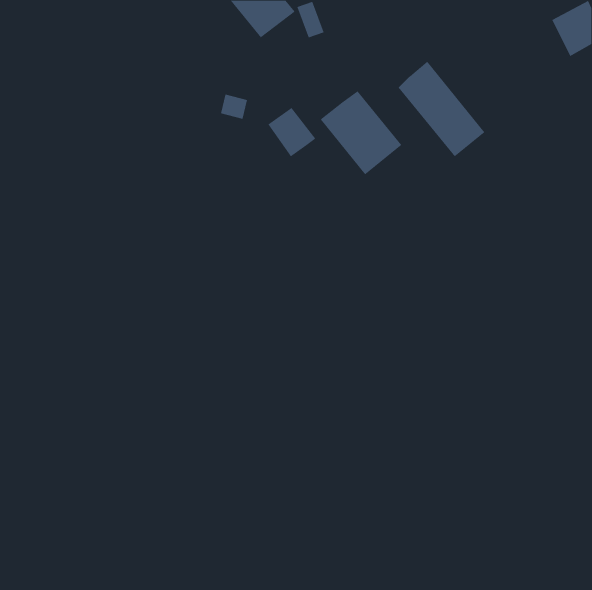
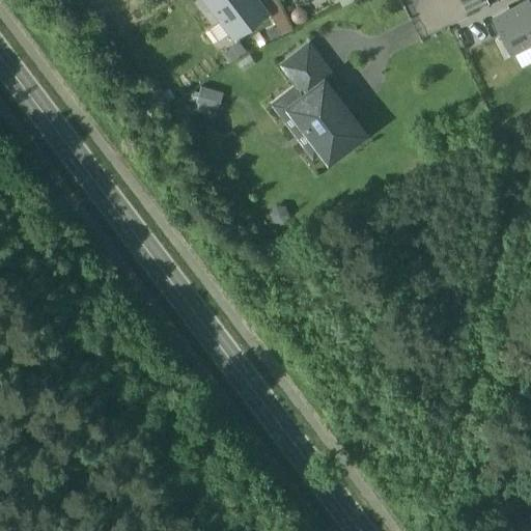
building: [398,61,485,157] -> none
building: [267,107,316,157] -> [285,49,329,93]

